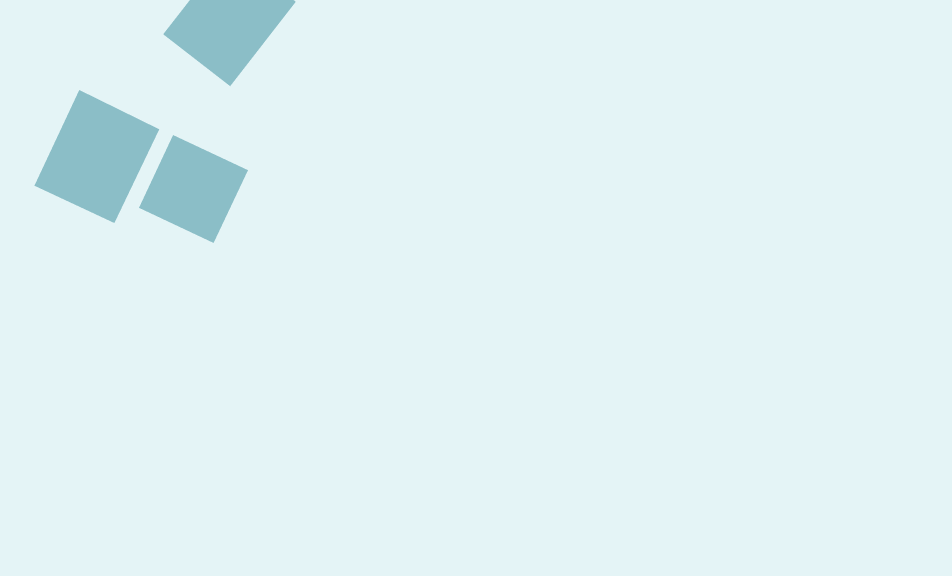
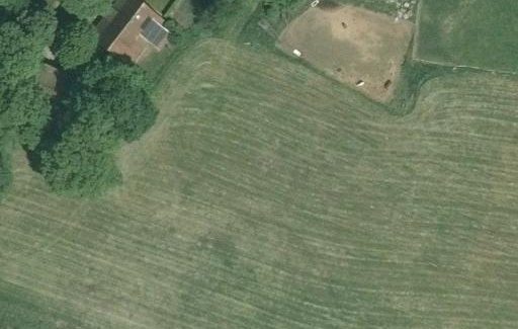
building: [138,134,249,244] -> none

